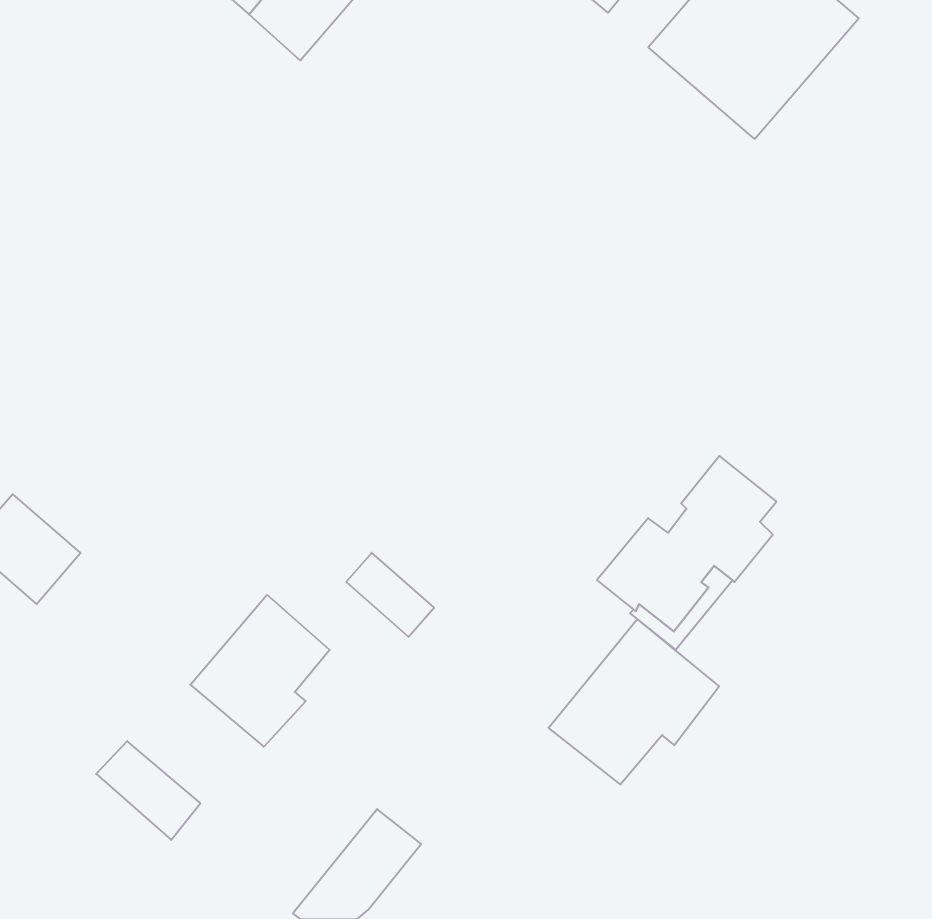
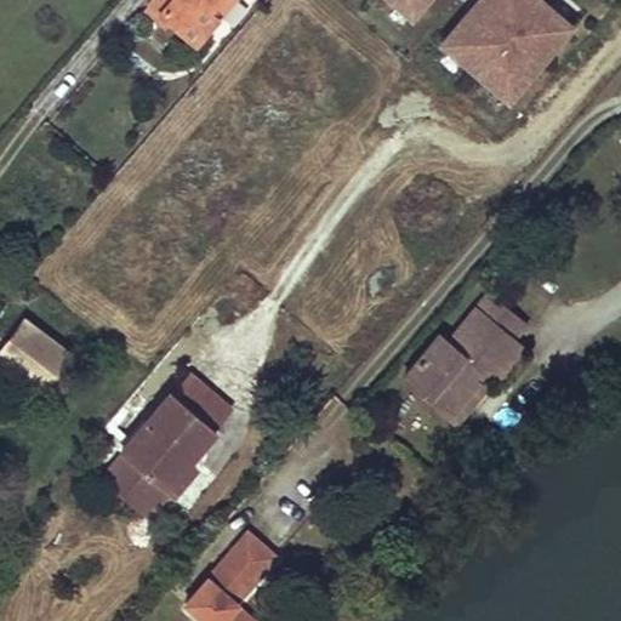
building: [346,553,434,637] -> [177,375,235,431]
building: [548,619,719,785] -> none
building: [96,741,200,840] -> [106,454,175,519]

